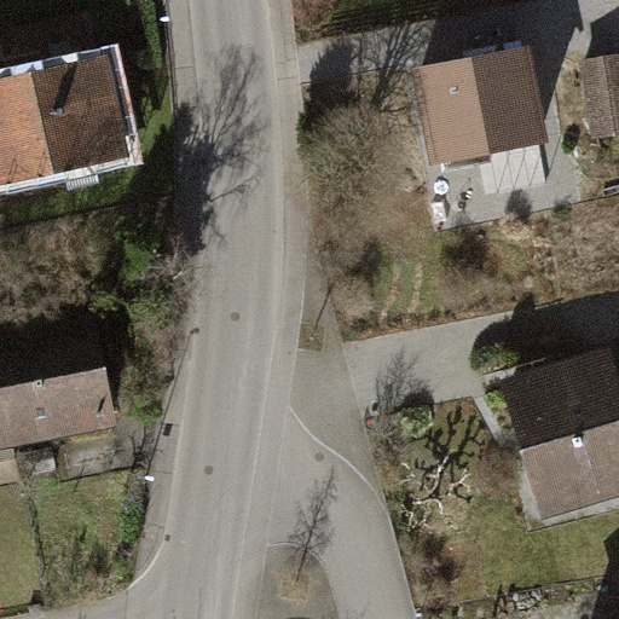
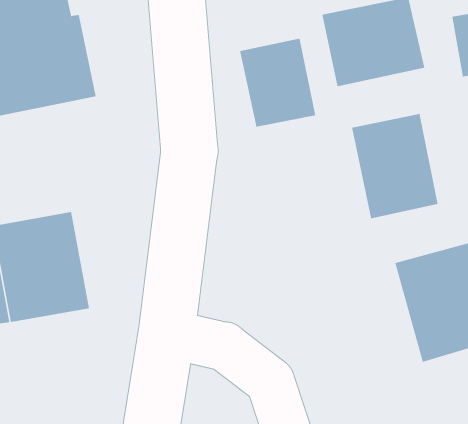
building: none -> [240,38,316,128]
building: none -> [351,113,438,219]

